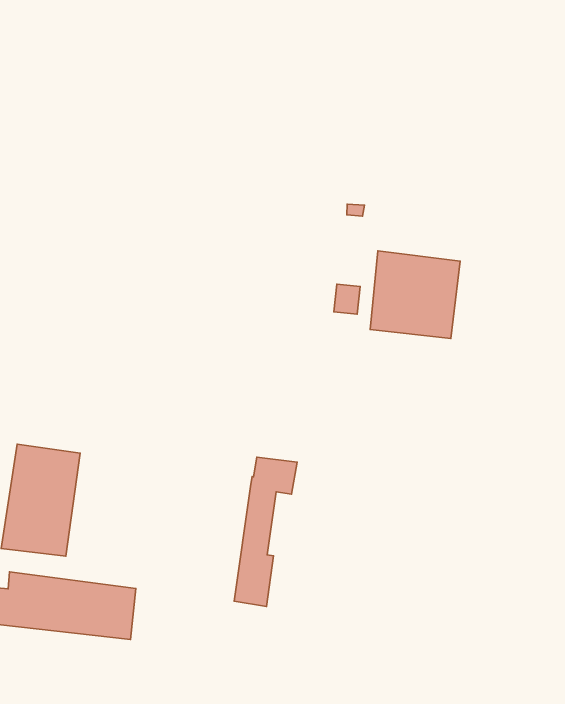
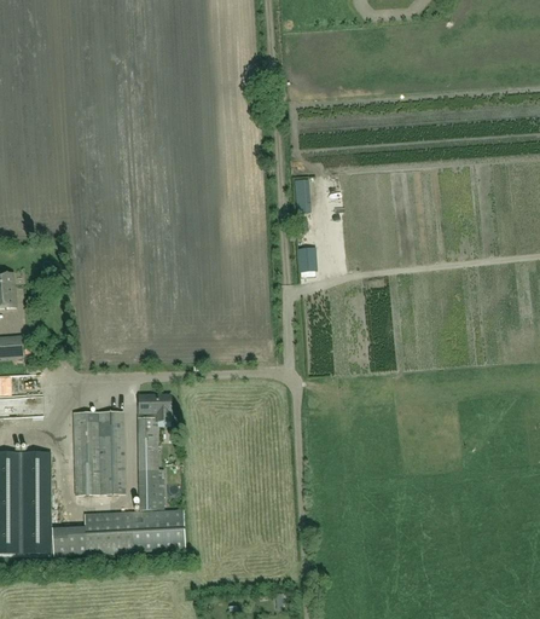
building: [370,251,460,339] -> none
building: [234,457,297,606] -> [137,393,169,508]

